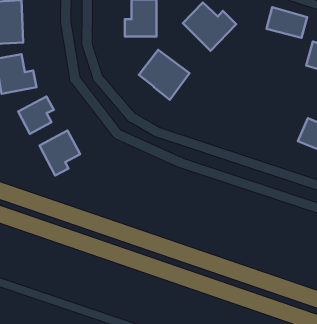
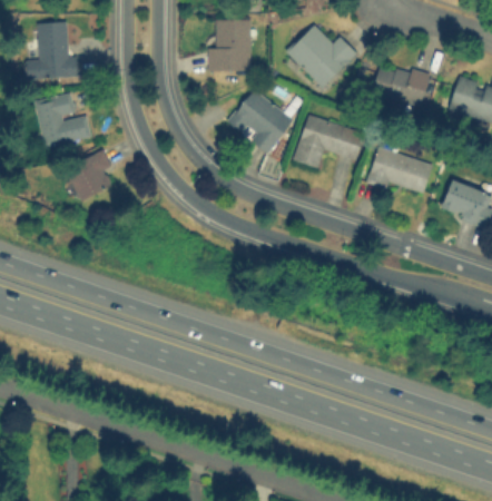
building: [266,7,307,38] -> [373,63,427,105]
building: none -> [294,114,366,167]
building: none -> [368,146,432,195]
building: [39,130,80,175] -> none

